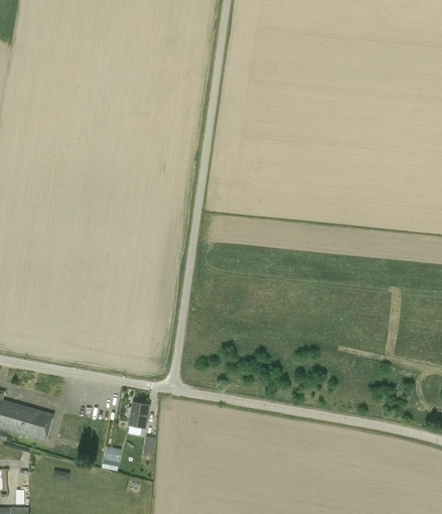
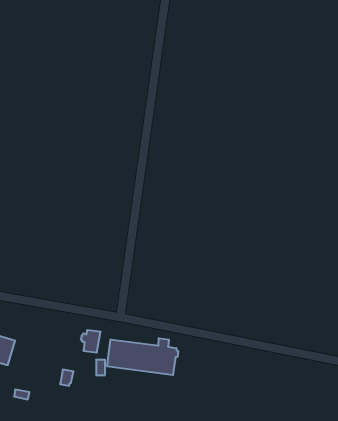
building: none -> [107,338,178,375]

